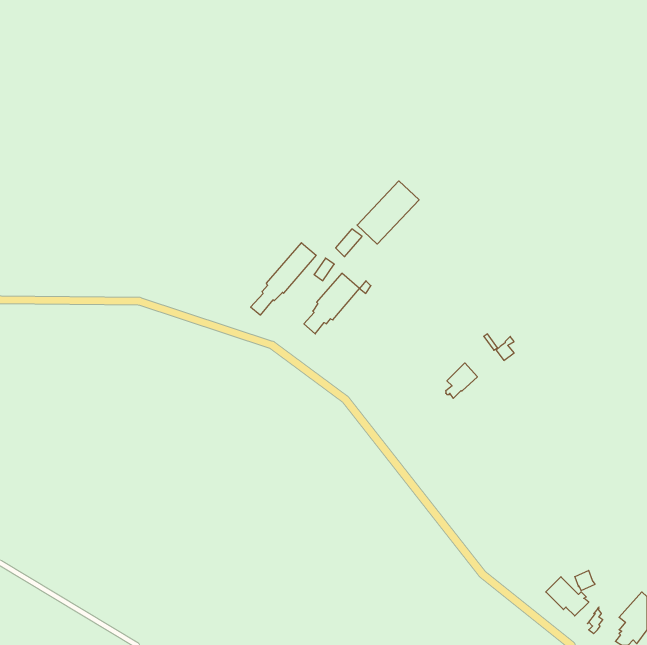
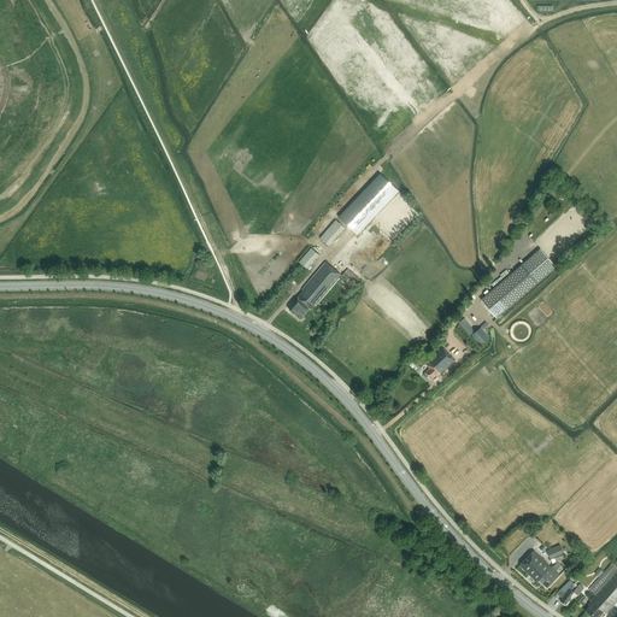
building: [251,243,316,315] -> none
building: none -> [481,247,556,317]

